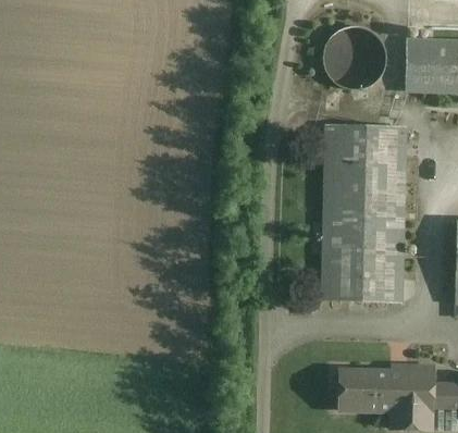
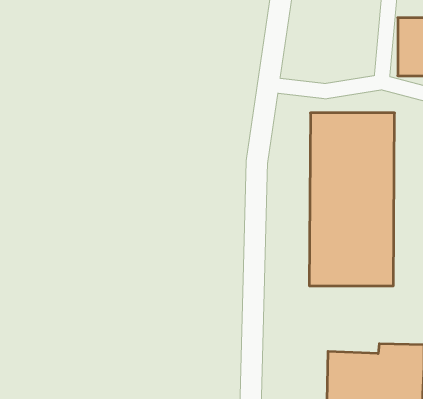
building: [324,27,385,88] -> none

